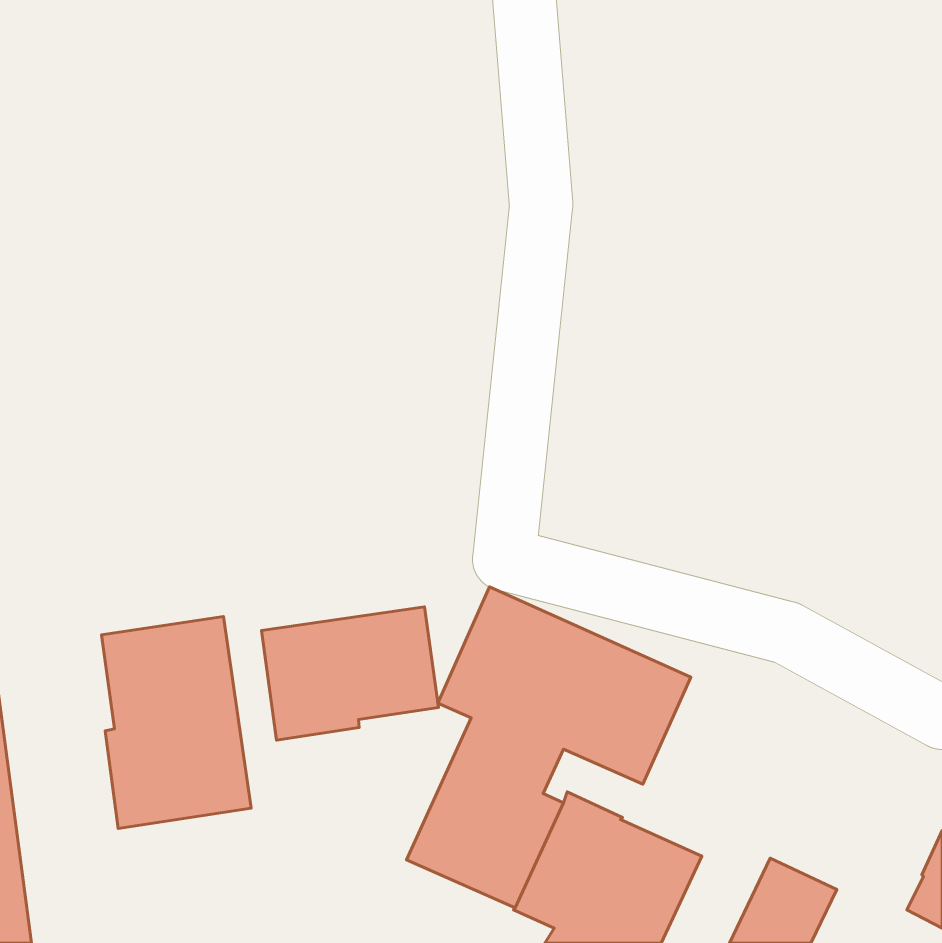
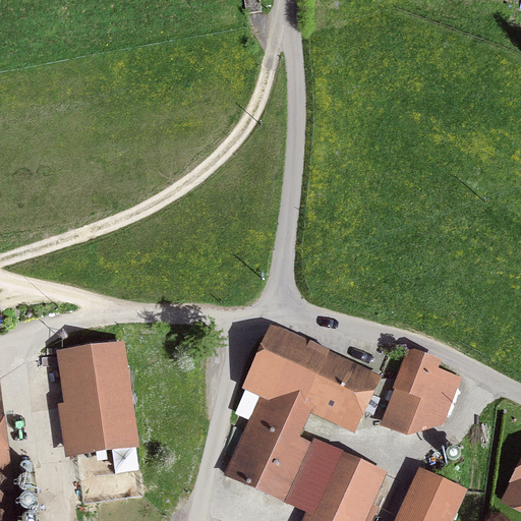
building: [261,607,438,740] -> none
building: none -> [379,347,460,436]

